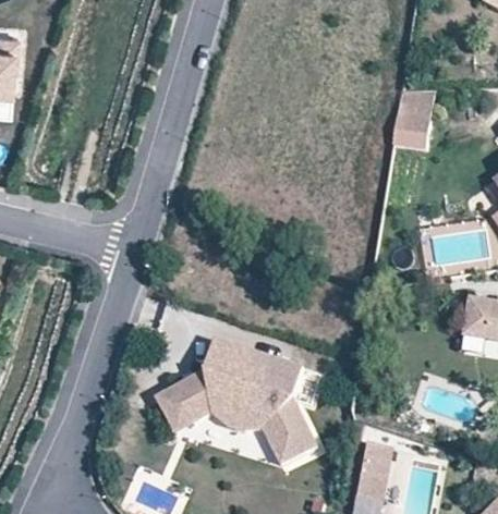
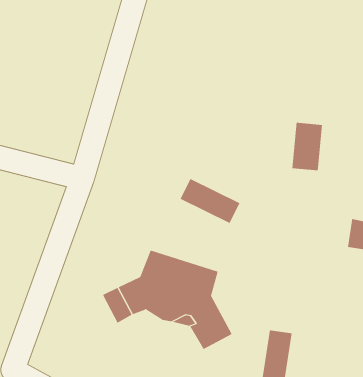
building: [392,88,432,149] -> [292,122,323,171]
building: none -> [180,178,240,224]

